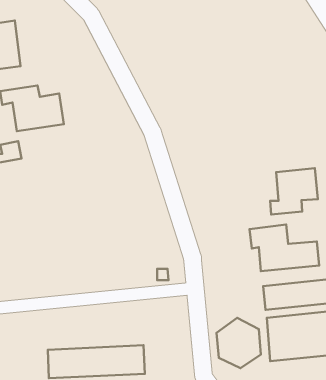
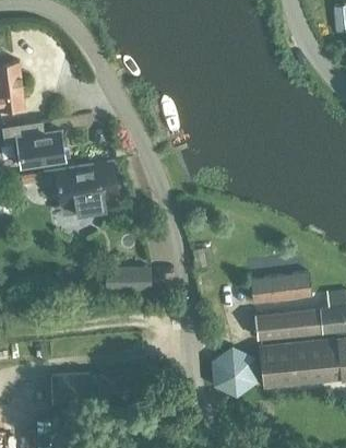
building: none -> [41,162,118,214]
building: [270,168,318,215] -> none
building: none -> [121,271,152,293]

